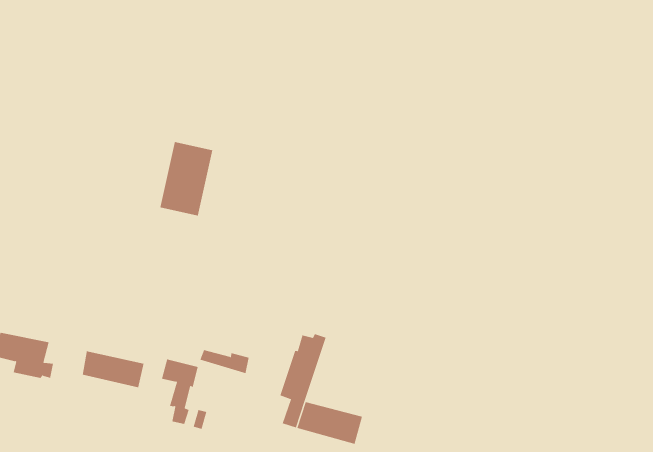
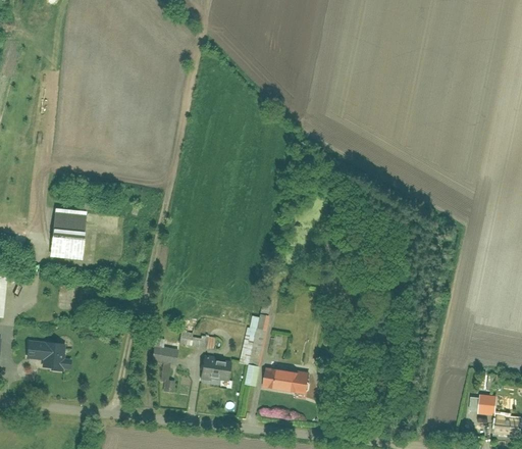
building: [159,142,213,216] -> [51,208,86,261]
building: [82,351,144,388] -> none
building: none -> [200,356,232,386]

